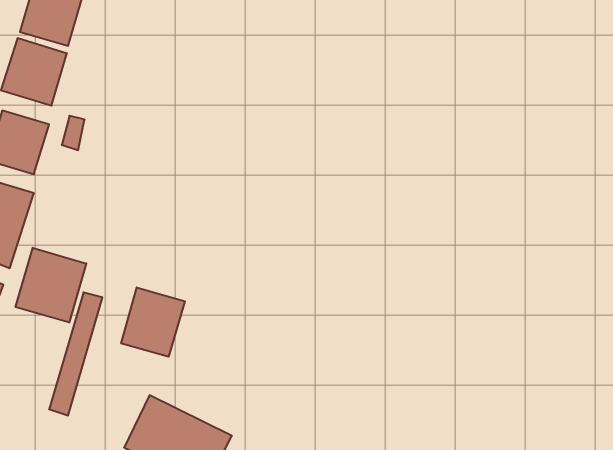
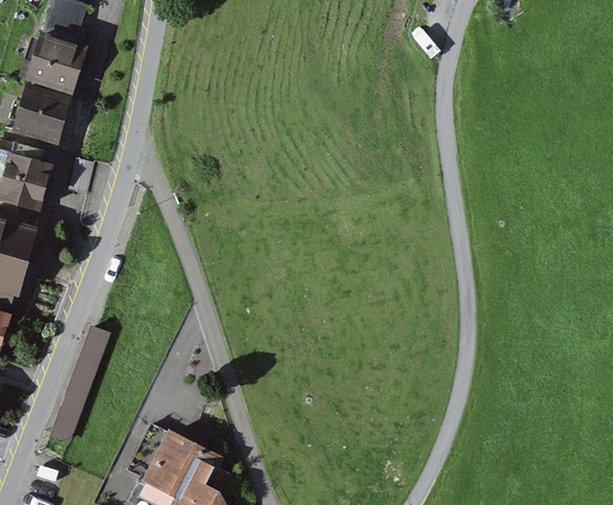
building: [16,248,86,323] -> none
building: [121,287,185,357] -> none

